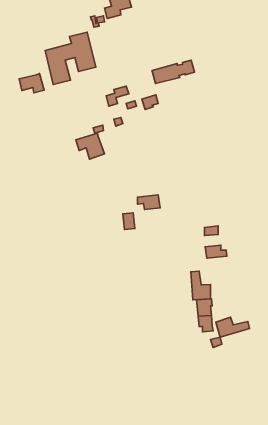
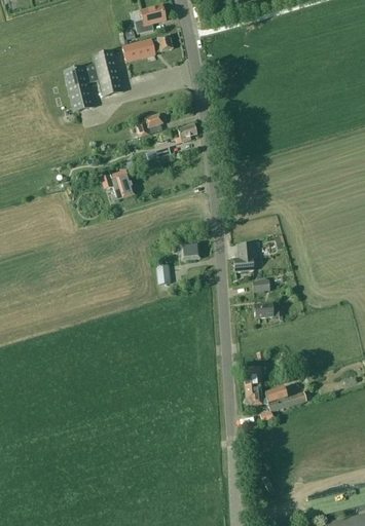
building: [152,60,195,83] -> [122,35,173,63]
building: [19,74,44,93] -> none
building: none -> [233,242,257,271]
building: [191,271,211,300] -> none

